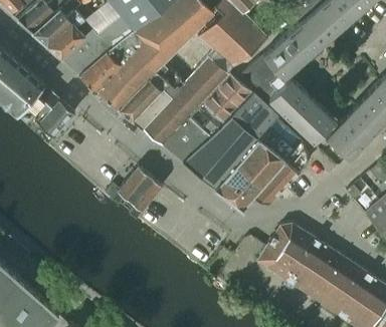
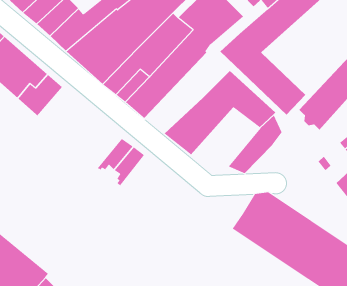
building: [163,76,253,164] -> none
building: [212,136,285,210] -> none

